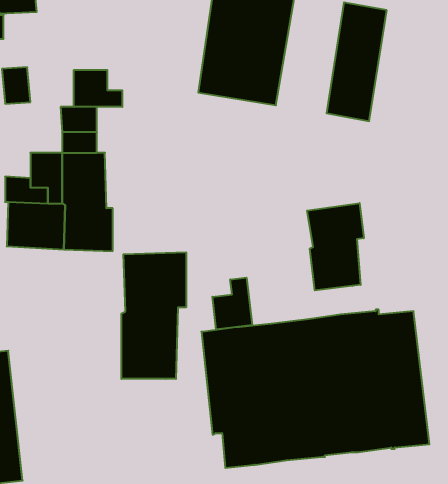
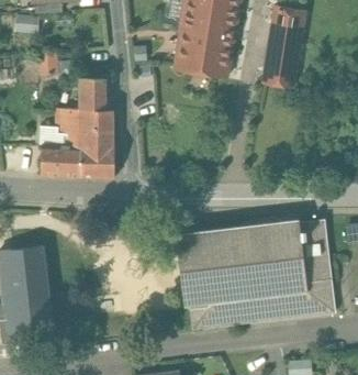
building: [74,70,122,107] -> none
building: [307,203,364,290] -> none
building: [121,252,186,379] -> none
building: [212,278,252,329] -> none

